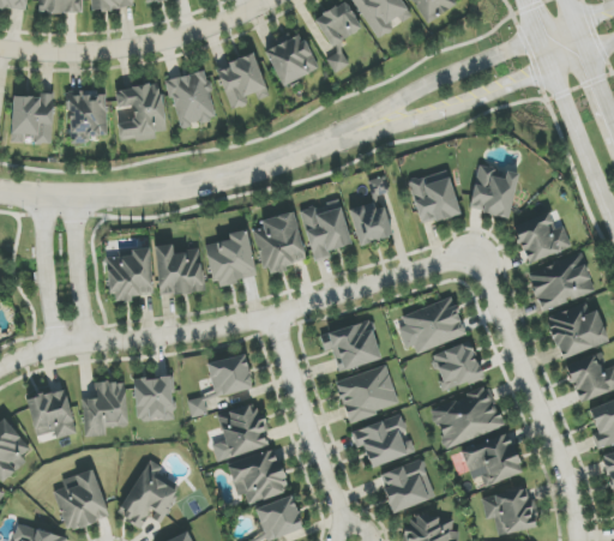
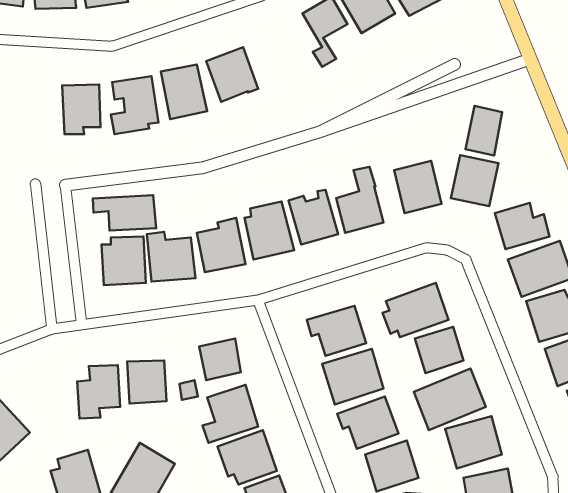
building: [266,29,318,86] -> none
building: [12,95,53,144] -> none
building: none -> [465,106,502,155]
building: none -> [93,195,156,231]
building: [26,389,77,439] -> none

